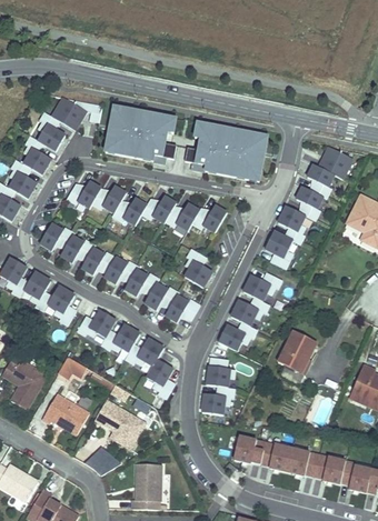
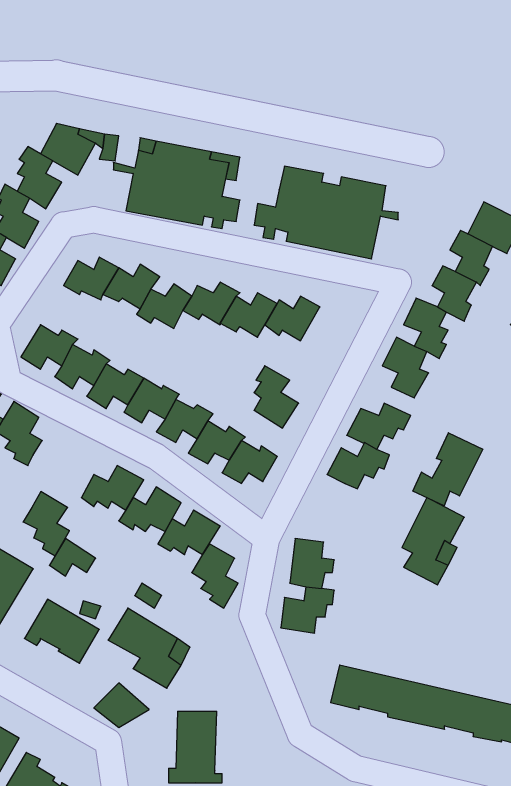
building: [47,284,76,324] -> [23,492,69,556]
building: none -> [413,433,483,506]
building: [218,321,257,350] -> none

